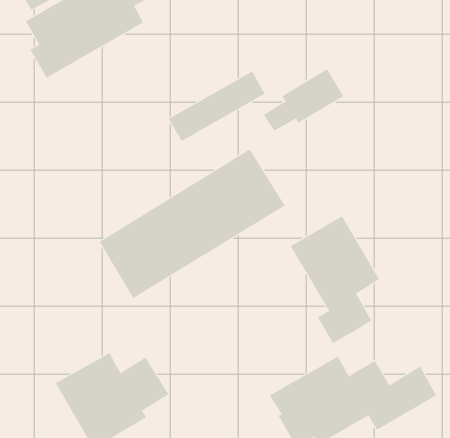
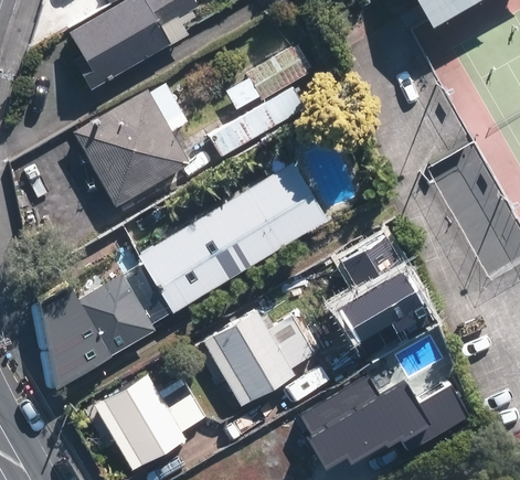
building: none -> [67,85,185,209]
building: [263,69,344,131] -> [225,45,307,108]
building: none -> [42,273,160,388]
building: none -> [202,308,317,406]

